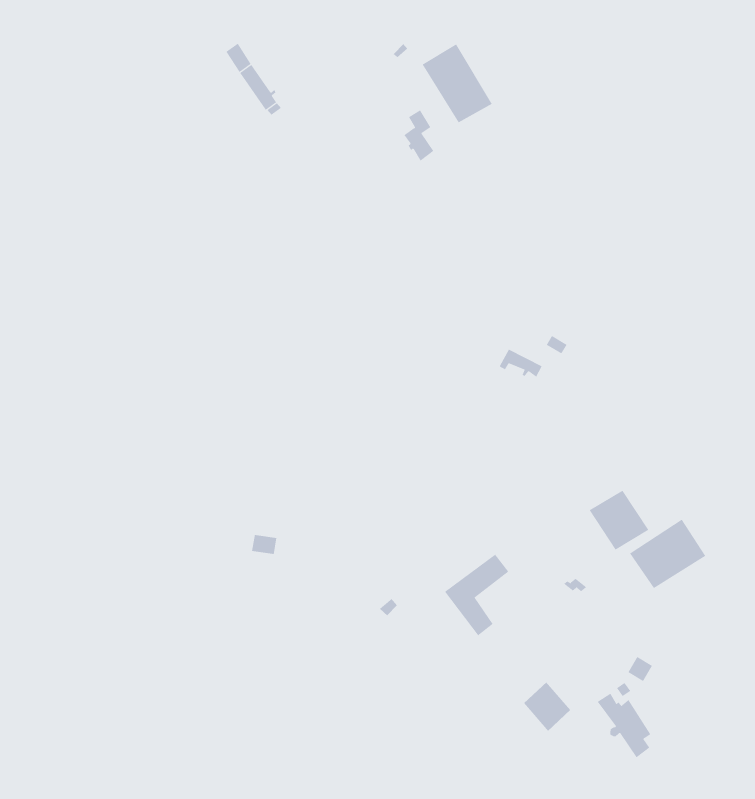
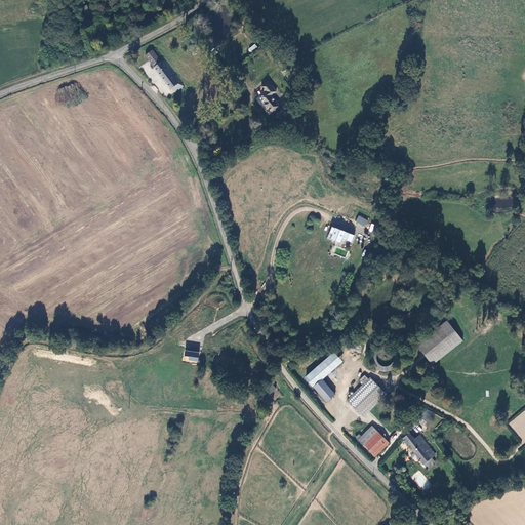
building: [422,43,492,123] -> none
building: [589,490,649,551] -> none
building: none -> [346,374,386,417]

